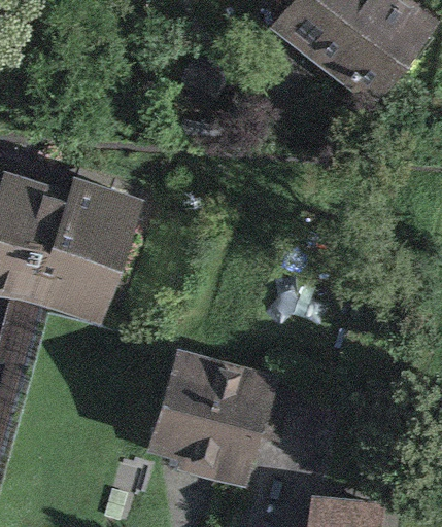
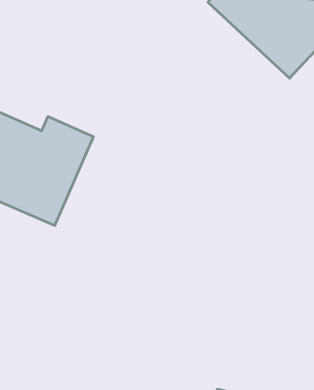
building: [152,352,293,480] -> none

